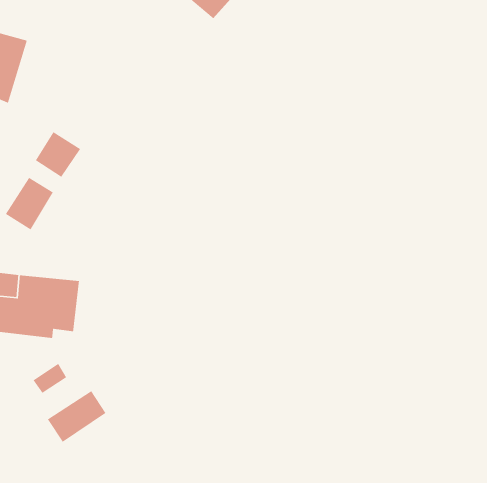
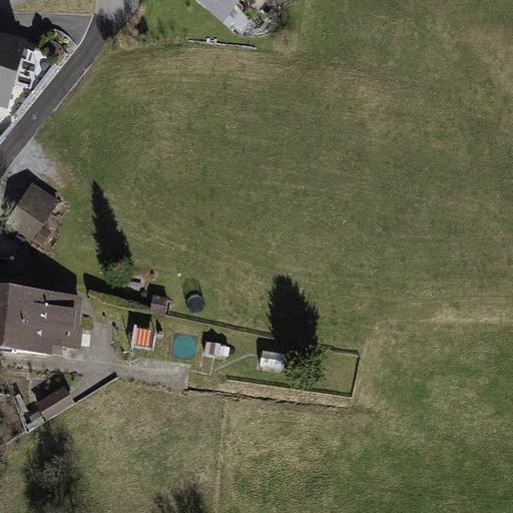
building: [35,131,81,178] -> none
building: [47,390,107,443] -> none

